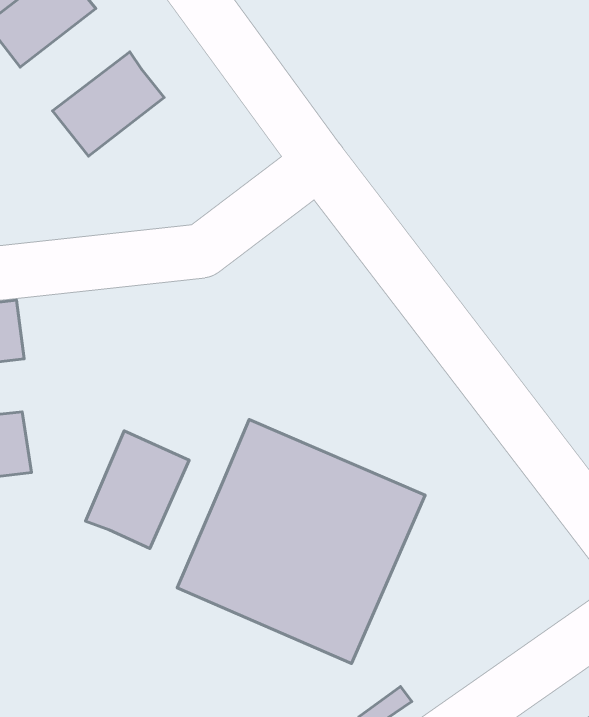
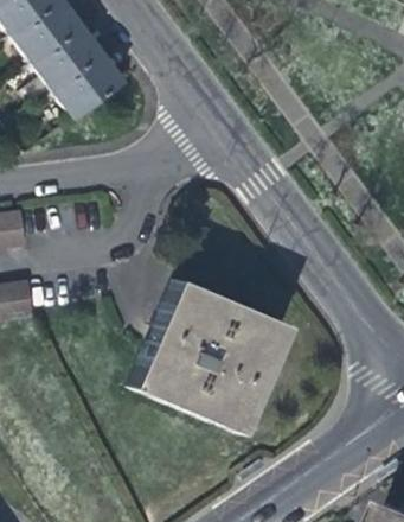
building: none -> [32,26,101,90]
building: [85,431,189,548] -> none

